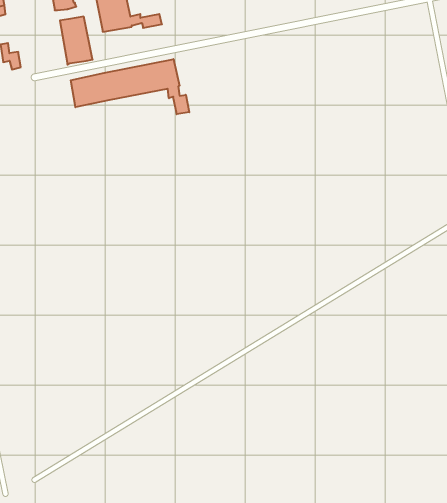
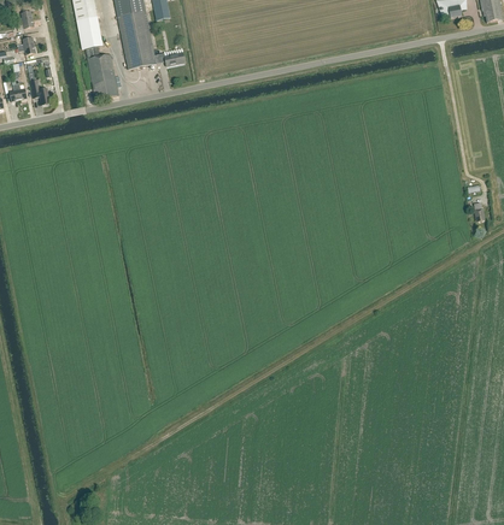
building: [71,59,189,114] -> none

